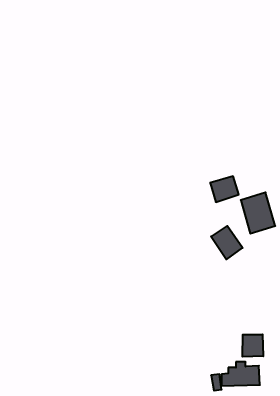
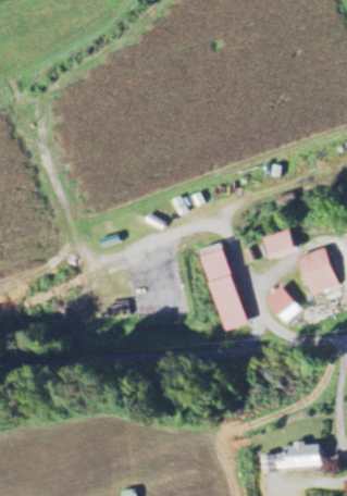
building: none -> [198,243,247,332]
building: [242,334,263,357] -> none

